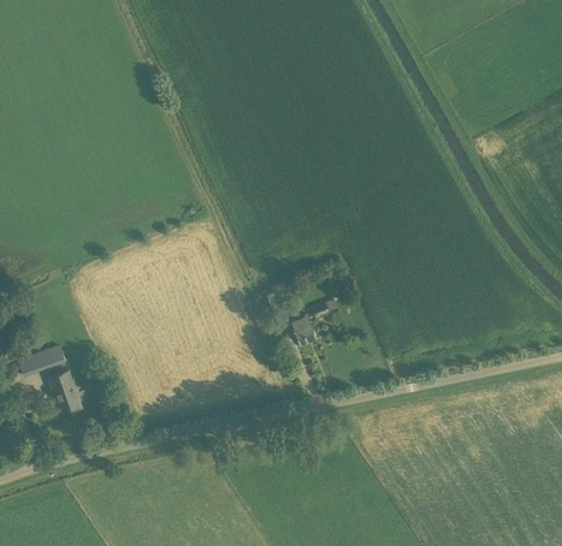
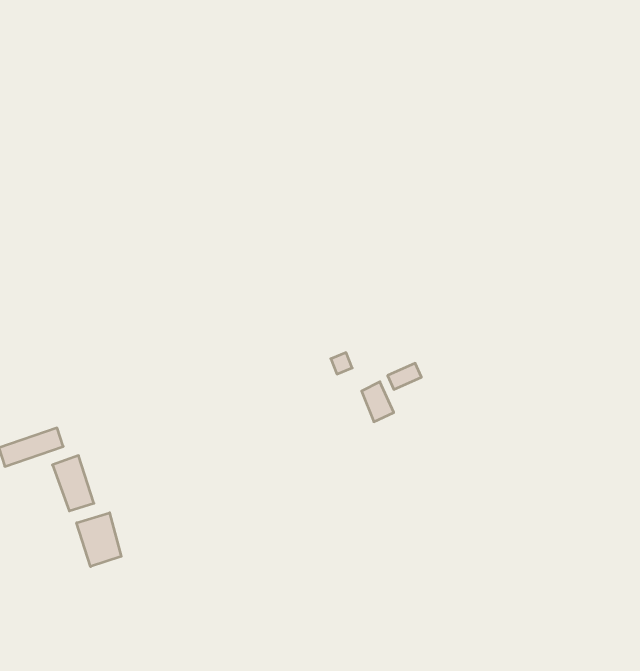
building: none -> [77,513,121,567]

